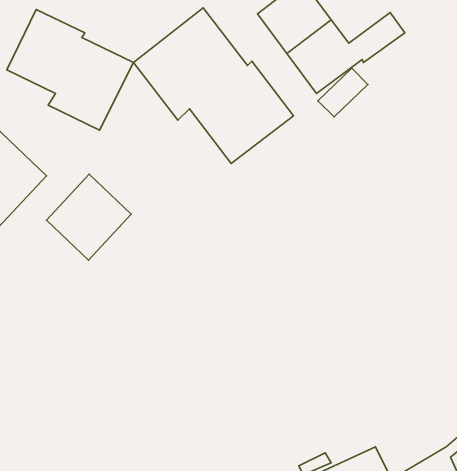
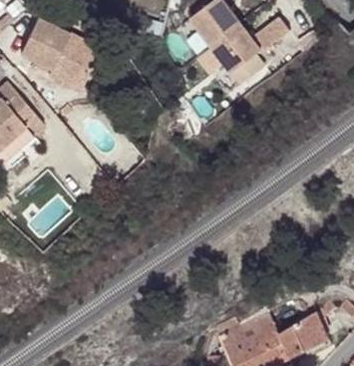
building: [133,8,294,164] -> none
building: [46,174,131,260] -> none

